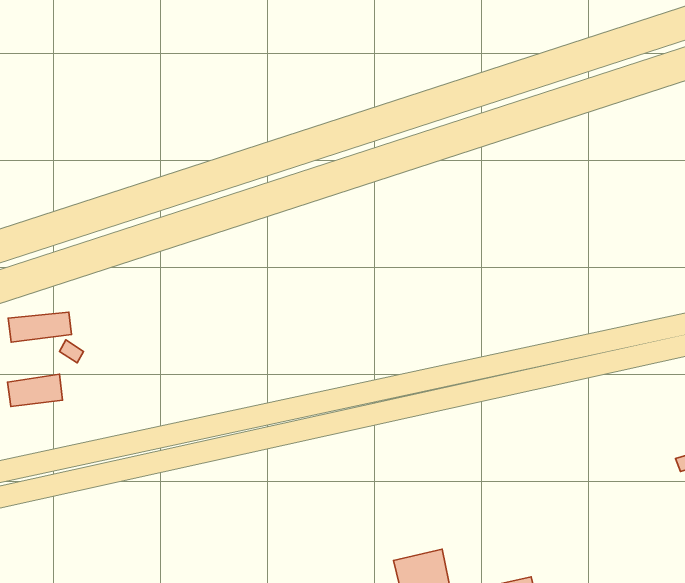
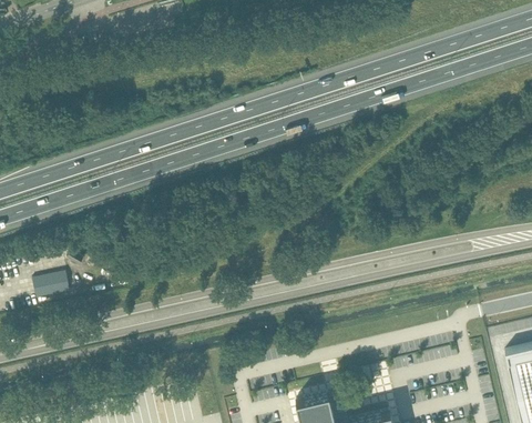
building: [8,312,71,342] -> none

